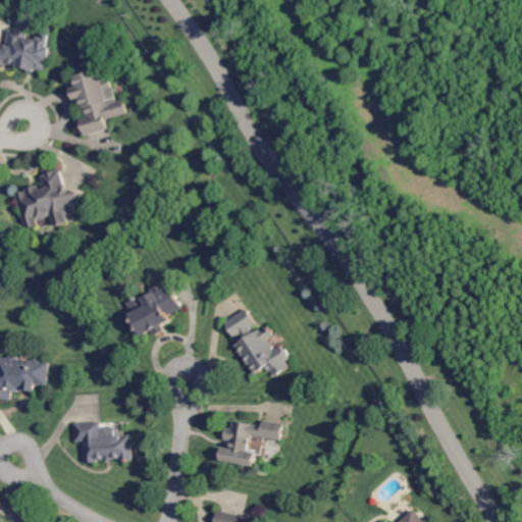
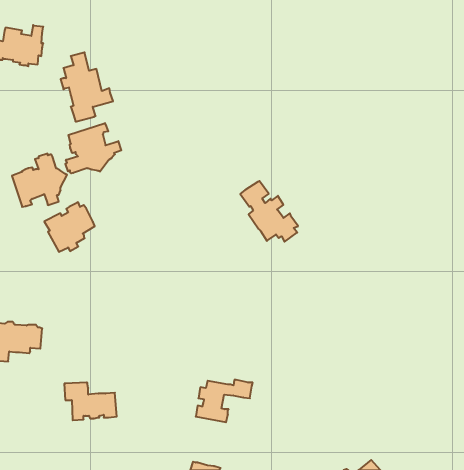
building: none -> [65,123,121,173]
building: [123,282,179,337] -> [44,202,95,252]
building: [223,309,288,376] -> [240,181,298,242]

